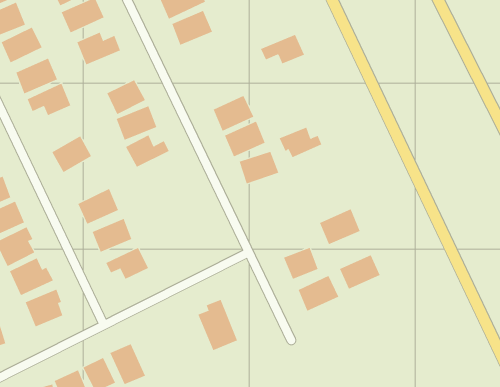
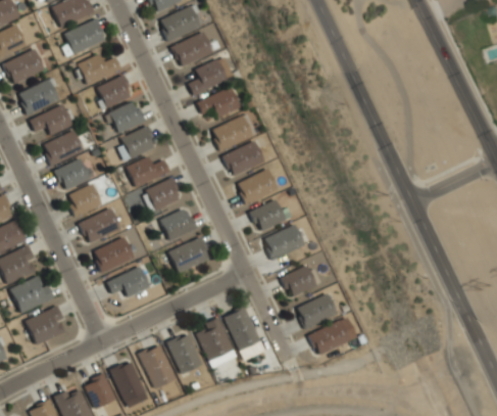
building: [260,34,305,64] -> [197,88,241,118]
building: none -> [188,59,227,94]
building: none -> [95,75,133,108]
building: none -> [42,131,83,166]
building: [279,127,322,158] -> [249,200,292,231]
building: none -> [146,177,182,210]
building: none -> [65,183,102,217]
building: none -> [160,207,196,239]
building: [319,208,360,245] -> [263,224,304,260]
building: none -> [169,237,209,271]
building: [339,254,381,290] -> [308,320,349,355]
building: none -> [225,308,265,361]
building: none -> [168,333,203,374]
building: none -> [140,344,177,389]

